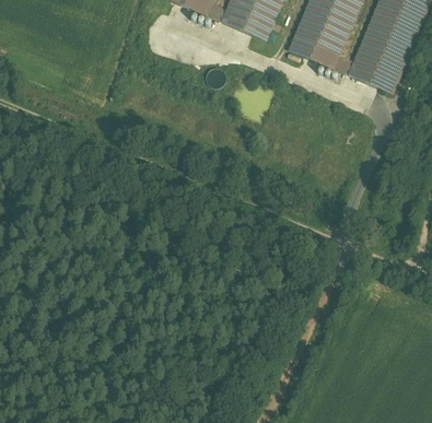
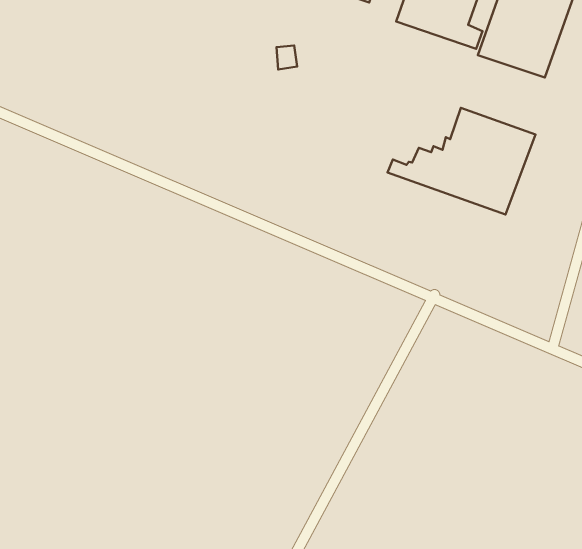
building: none -> [387,108,536,215]

